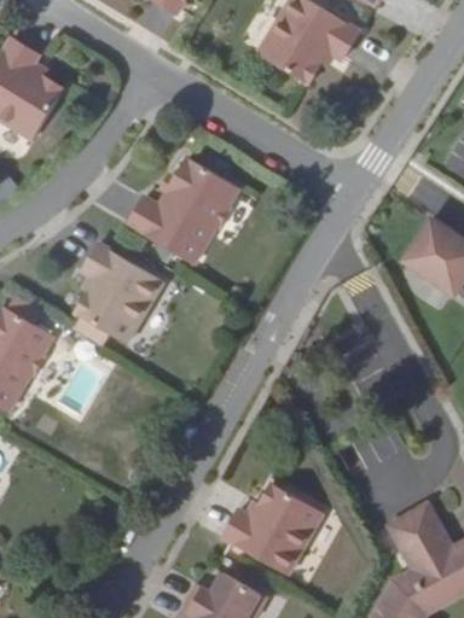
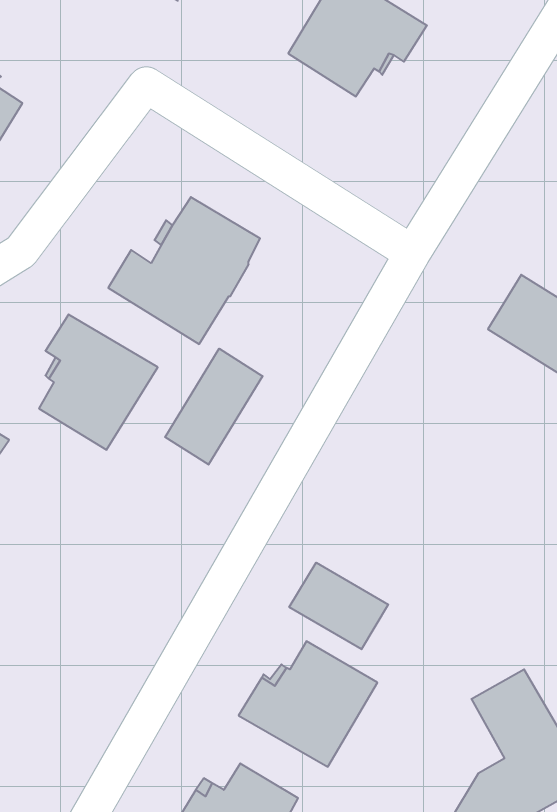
building: none -> [165,349,263,465]
building: none -> [289,563,388,649]

